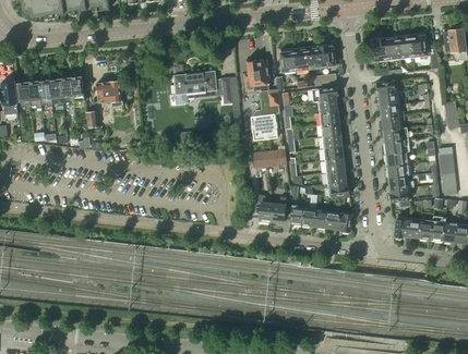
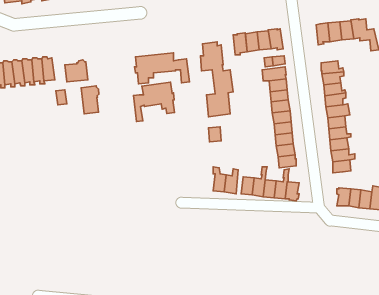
building: none -> [134,82,175,121]
building: none -> [81,86,99,114]

